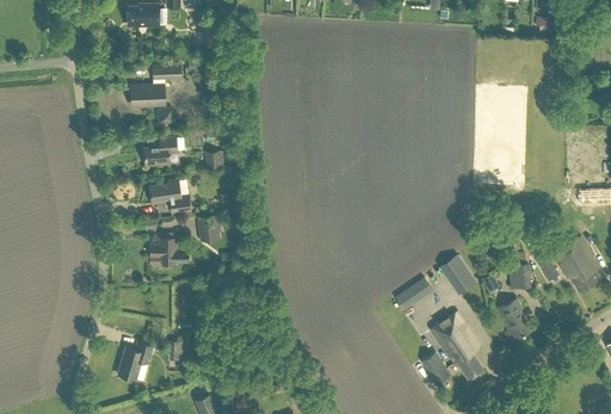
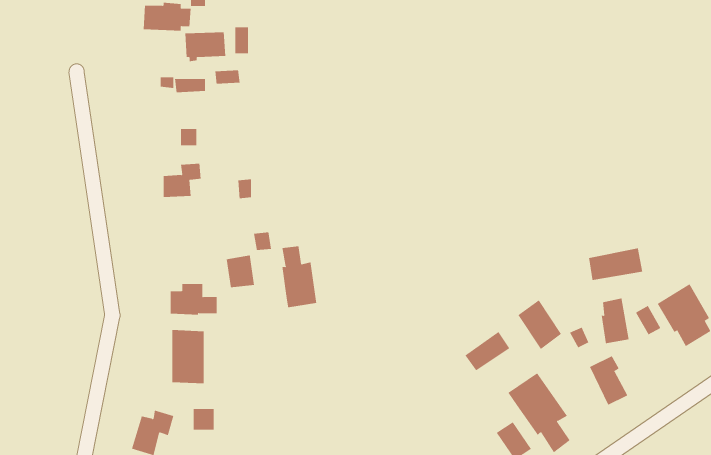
building: [130,84,165,109] -> [184,32,226,62]
building: [149,180,190,215] -> none
building: none -> [282,246,317,308]
building: none -> [589,247,643,281]
building: none -> [172,329,204,384]

